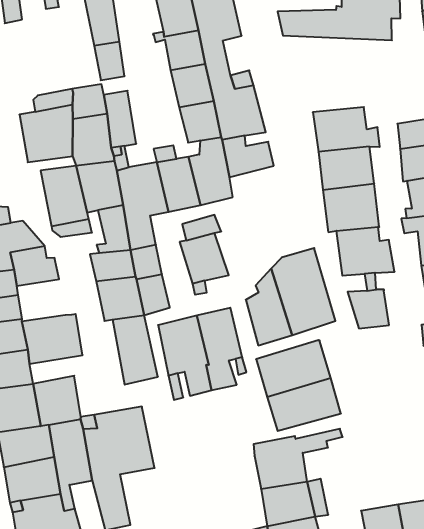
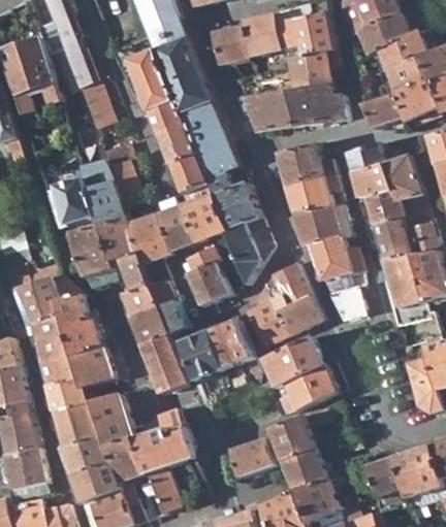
building: none -> [245,87,346,131]
building: none -> [219,201,270,284]
building: none -> [62,318,104,356]
building: none -> [230,438,275,475]

